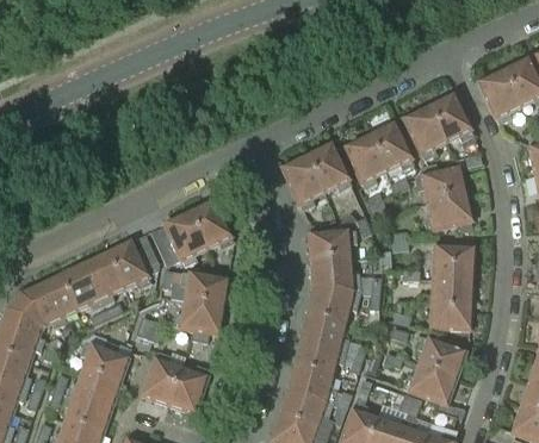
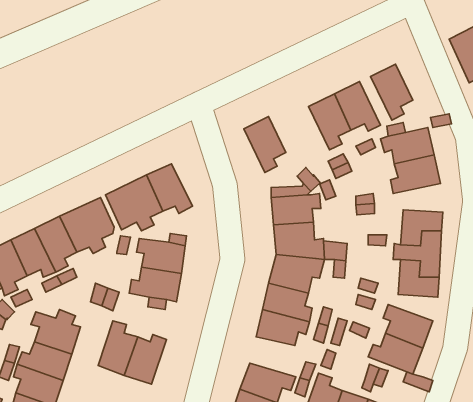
building: [428,94,473,142] -> none
building: [306,144,352,192] -> none
building: [289,367,336,405] -> none

